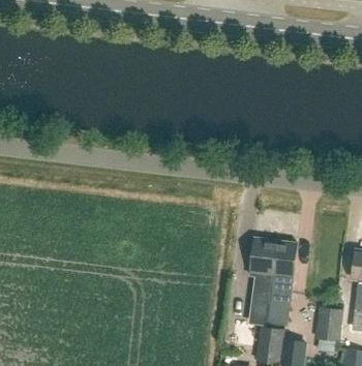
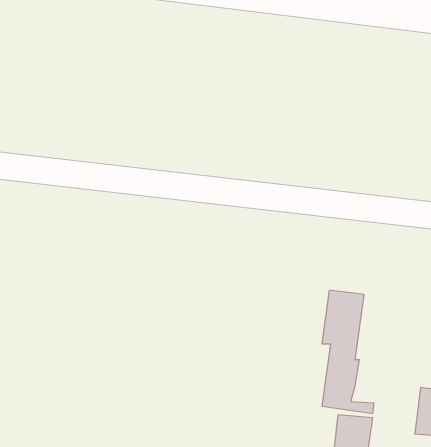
building: [270,240,298,325] -> none

